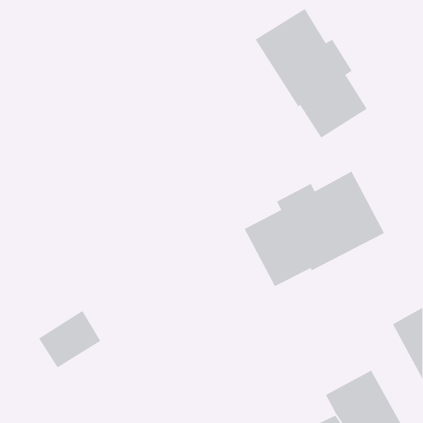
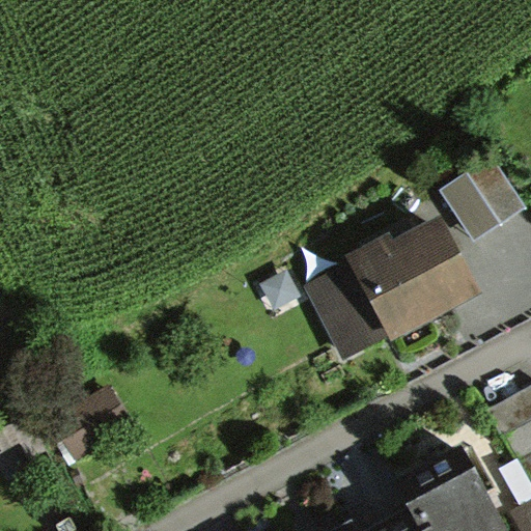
building: [255,8,368,138] -> none
building: none -> [440,158,524,243]

